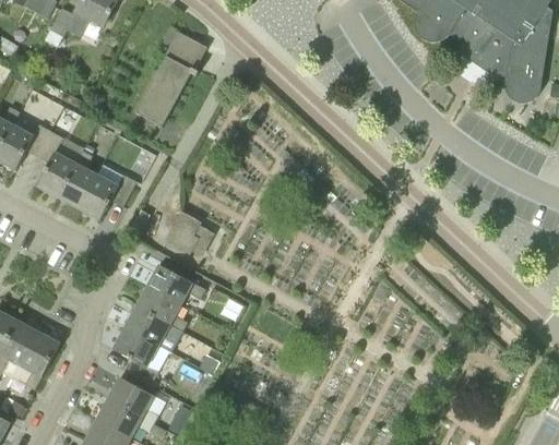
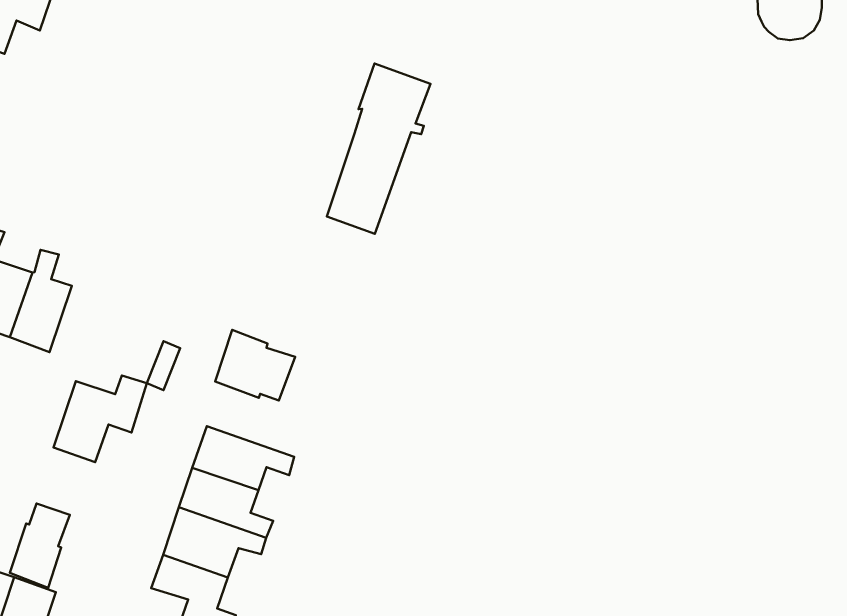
building: [136,31,206,125] -> [327,64,431,234]
building: [78,172,135,219] -> [53,375,147,462]
building: none -> [10,504,70,588]

